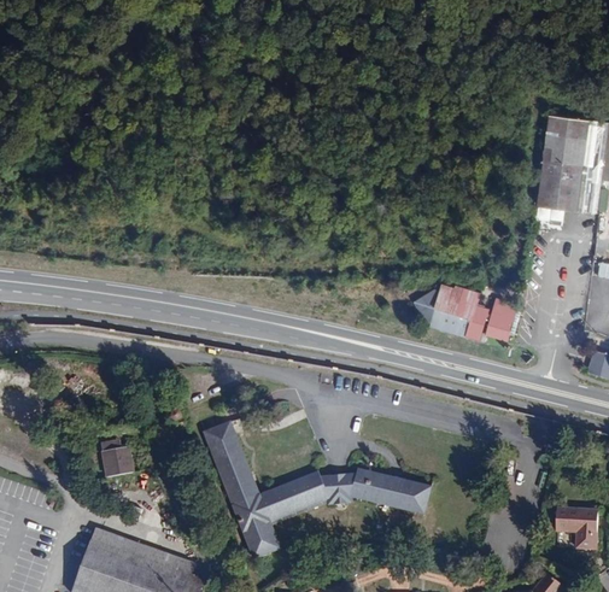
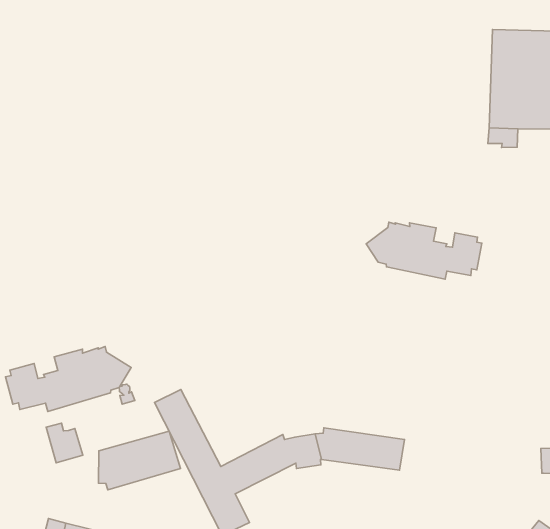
building: none -> [5,347,131,411]
building: none -> [99,431,181,490]

